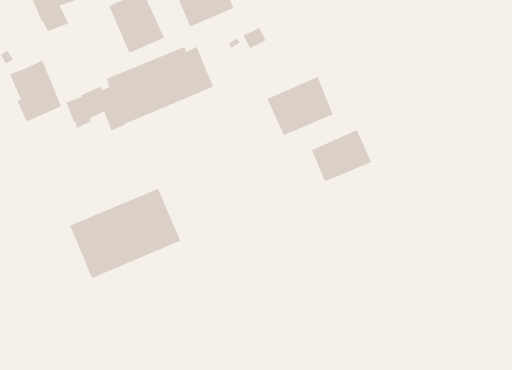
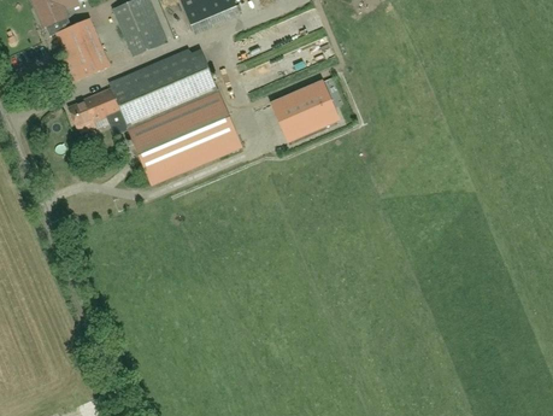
building: [9,60,62,122] -> [57,18,110,81]
building: [311,129,372,182] -> none
building: [70,188,181,279] -> [129,90,241,182]

